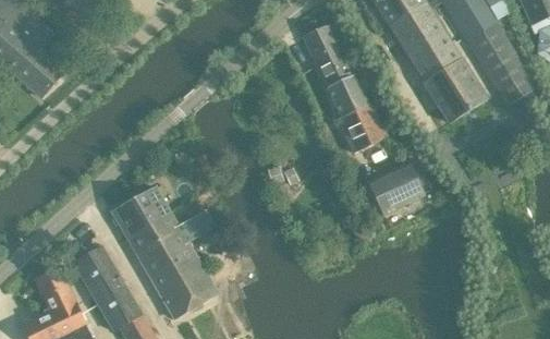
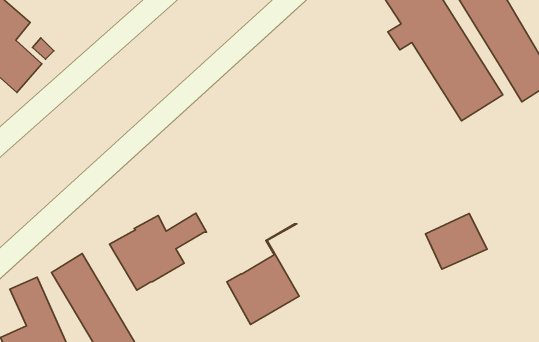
building: [303,24,387,150] -> none
building: [366,161,423,213] -> [425,214,487,269]
building: [111,184,170,235] -> none
building: [150,225,217,317] -> [227,224,299,325]

